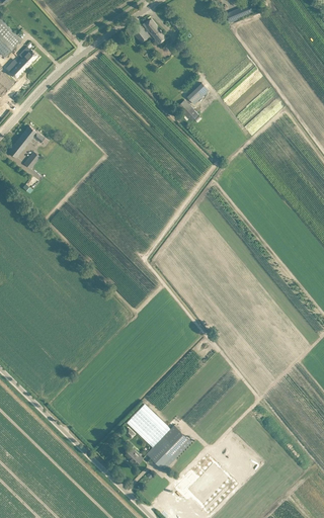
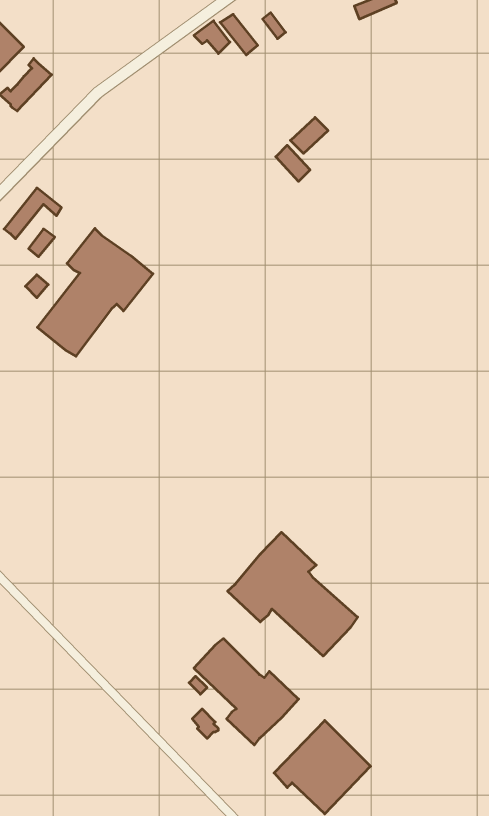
building: none -> [37,228,153,356]
building: none -> [228,532,358,656]

